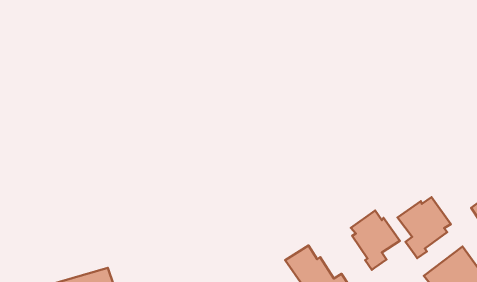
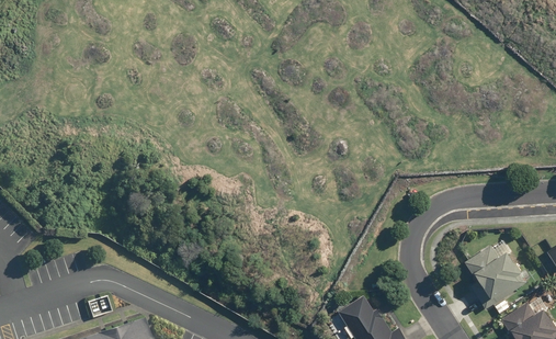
building: [351,211,400,270] -> none

